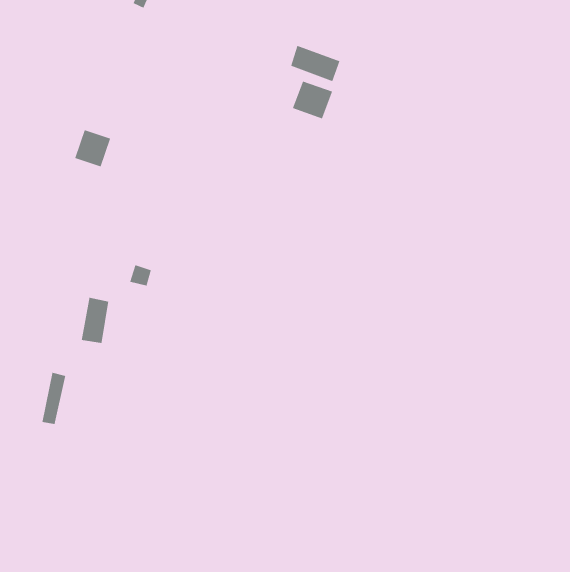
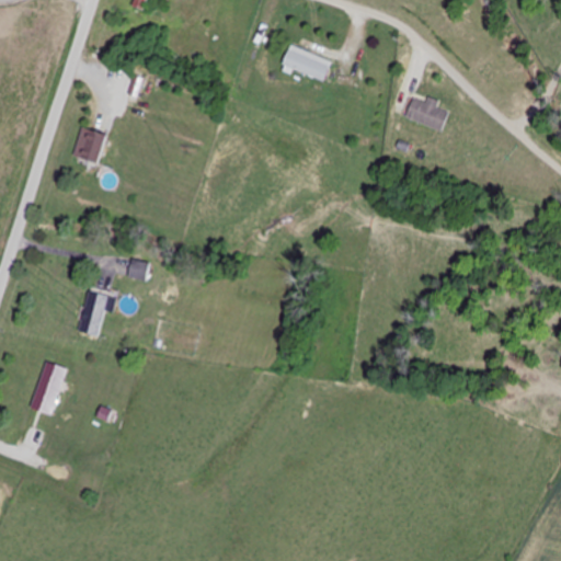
building: [292,80,333,119] -> none
building: none -> [404,96,449,130]

